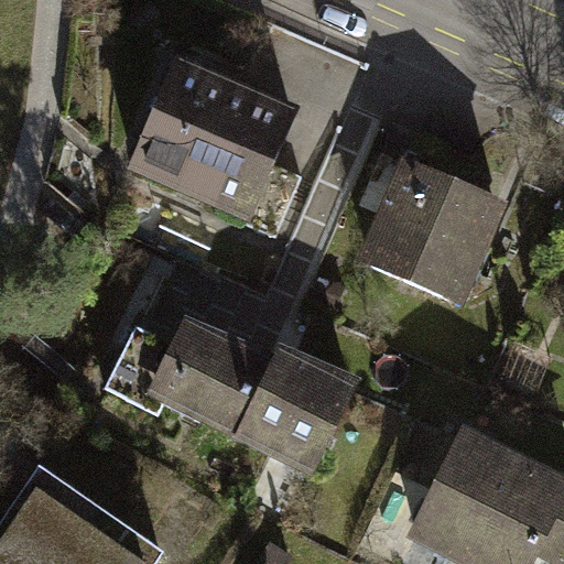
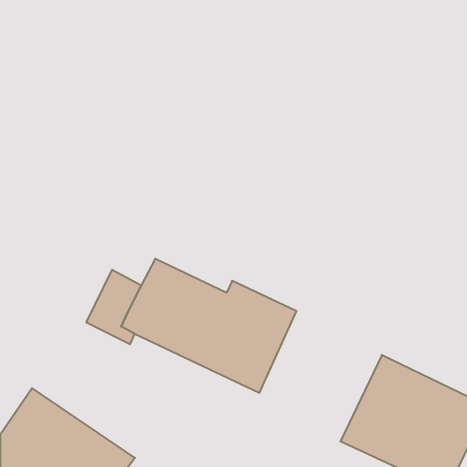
building: [126,55,296,221] -> none
building: [356,158,508,306] -> none

